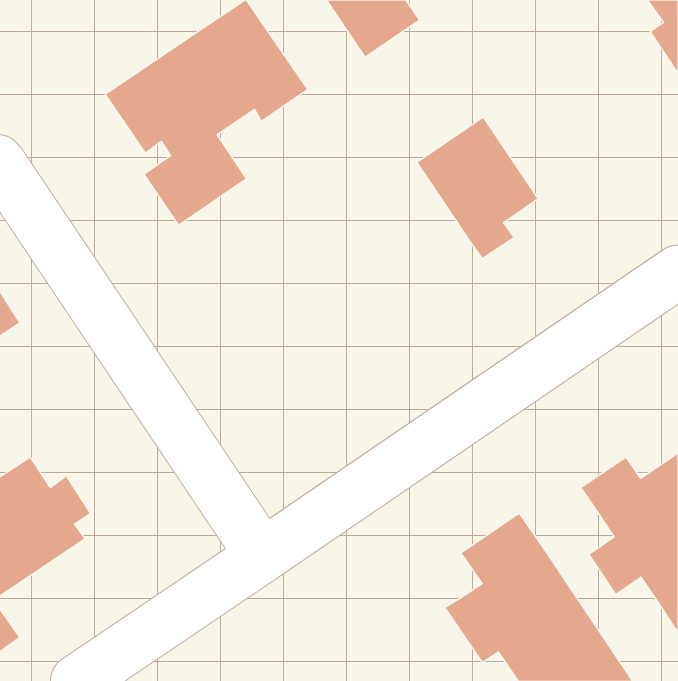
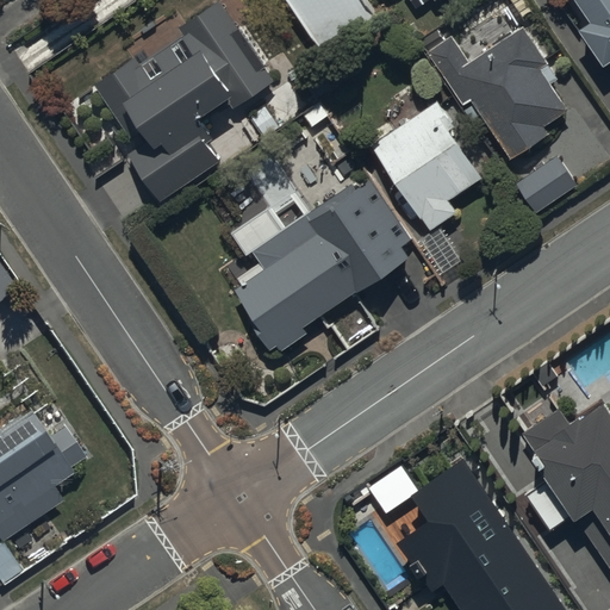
building: none -> [428,26,567,162]
building: none -> [513,156,579,216]
building: none -> [232,180,411,348]

